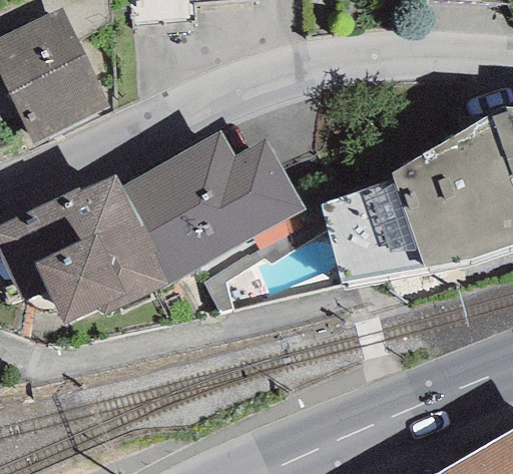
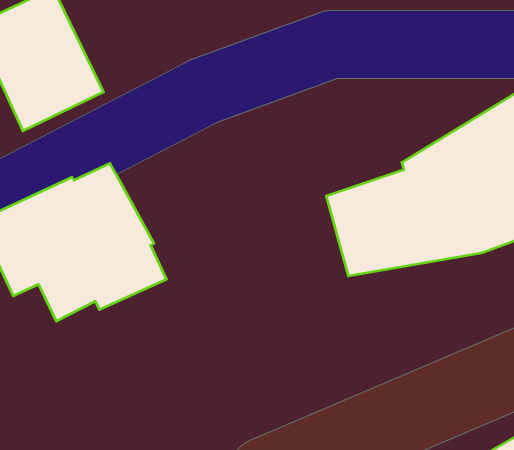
building: [122,130,307,285] -> none

